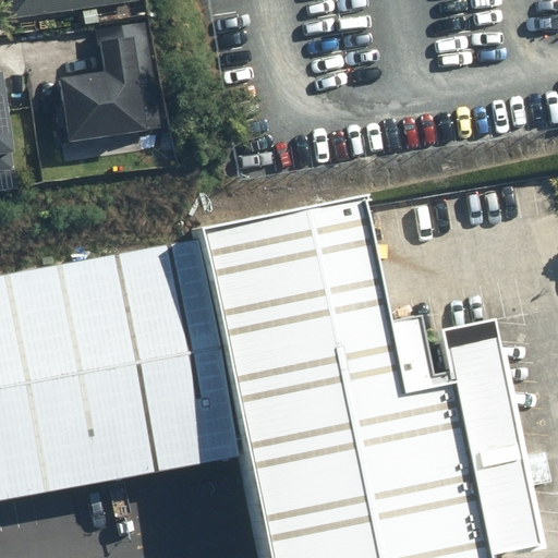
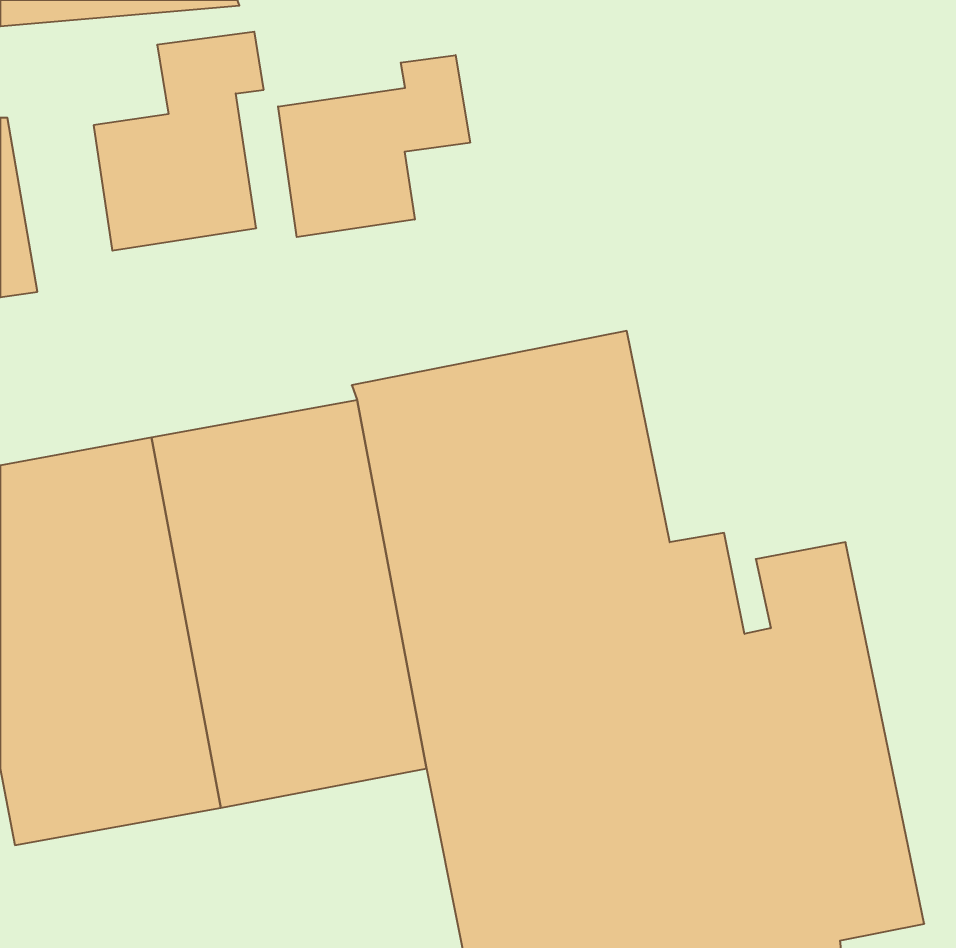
building: none -> [278,55,470,237]

